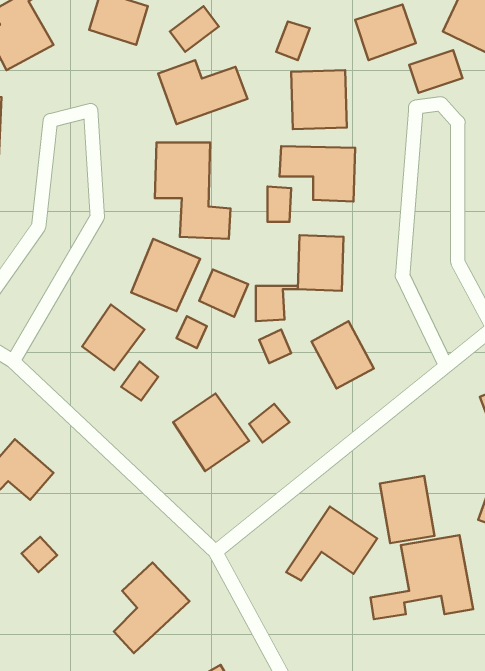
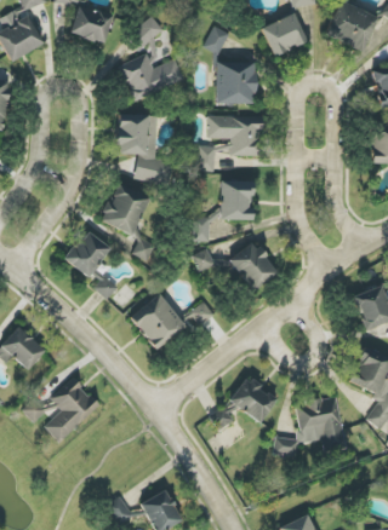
building: [409,50,462,93] -> none
building: [199,270,248,317] -> none
building: [380,476,434,543] -> none
building: [114,562,190,653] -> [45,378,99,443]

